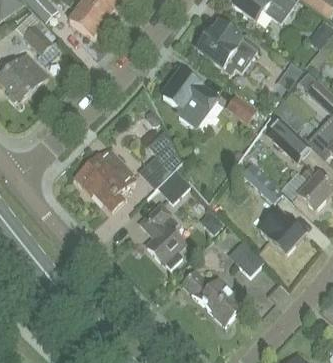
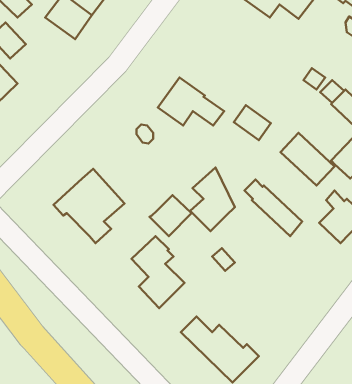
building: [196,22,258,73] -> none
building: [145,129,182,182] -> [190,168,235,231]
building: [260,209,306,254] -> none
building: [228,240,264,277] -> none

